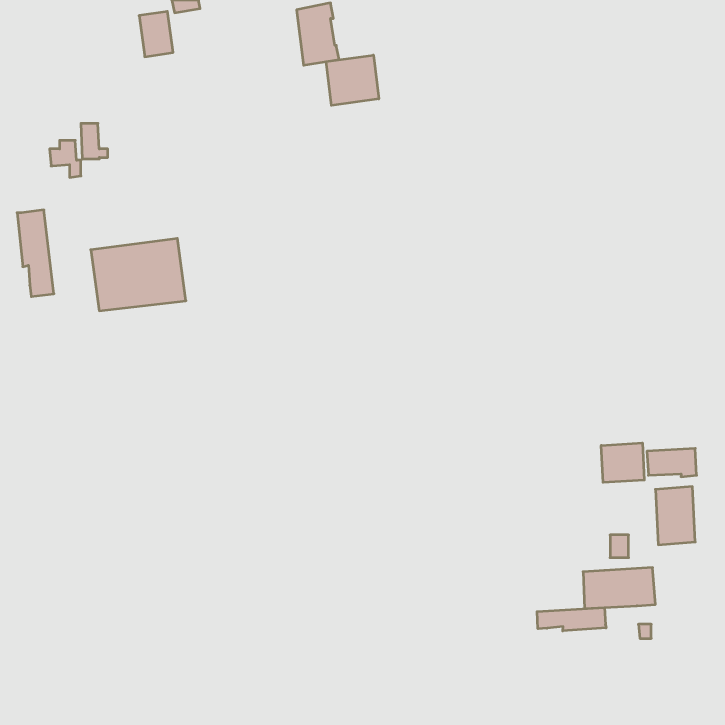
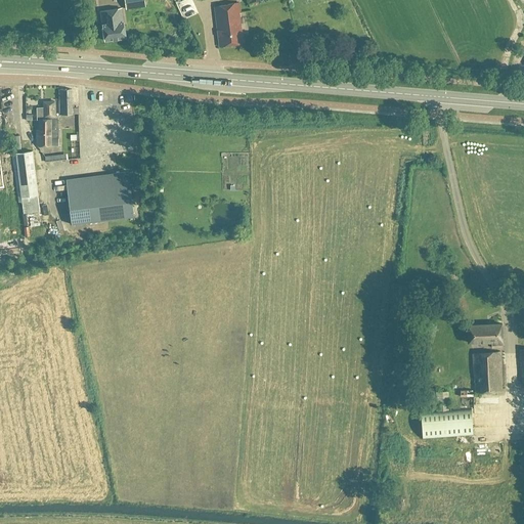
building: [326,55,379,105] -> none
building: none -> [36,119,58,145]
building: [601,443,644,482] -> none
building: [537,608,606,631] -> none

